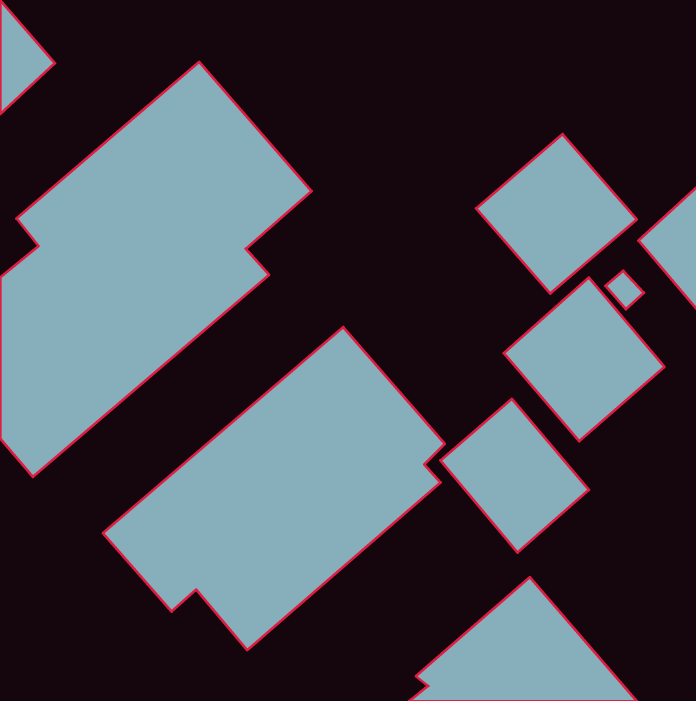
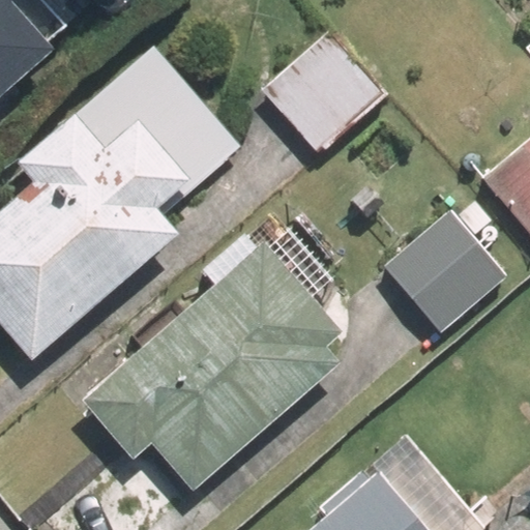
building: [476,134,637,294] -> [263,32,384,152]
building: [440,399,589,553] -> none

